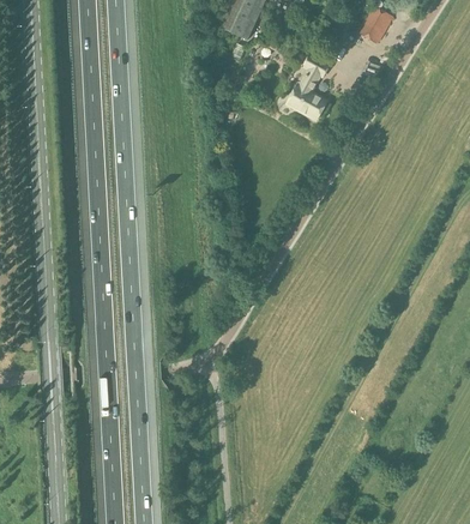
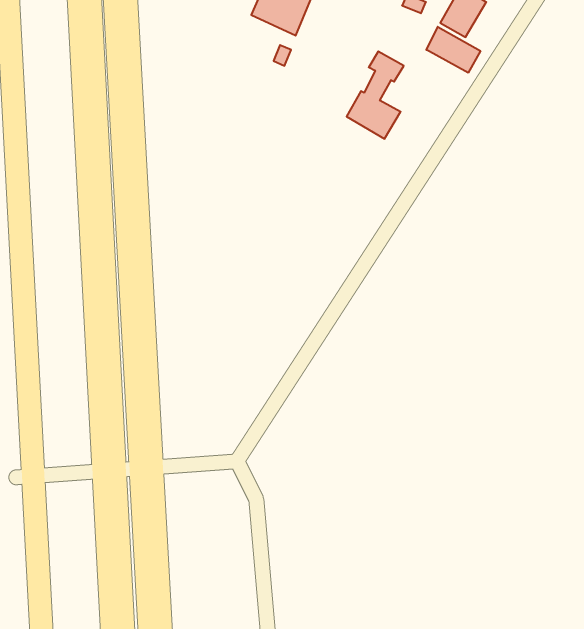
building: none -> [426,27,480,73]

